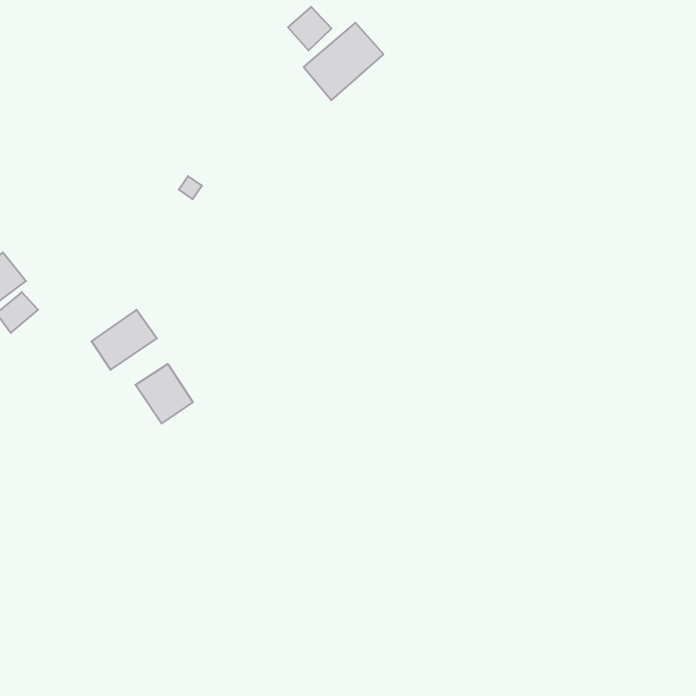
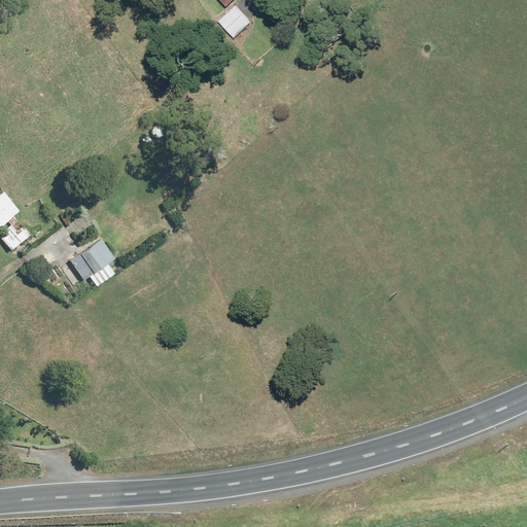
building: [304,23,383,100] -> none
building: [135,364,193,424] -> none

